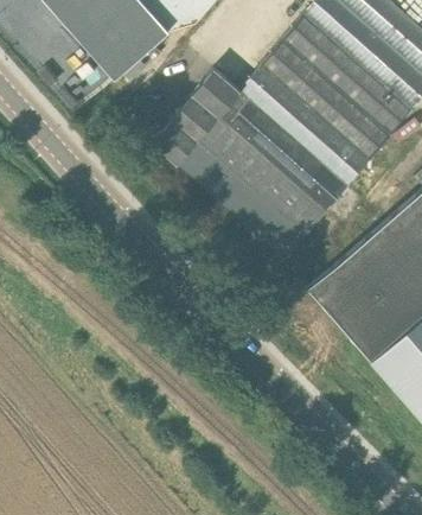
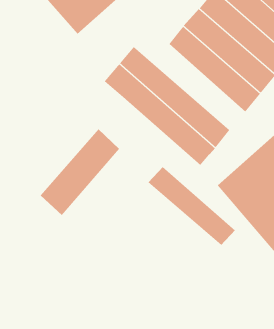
building: [193,65,350,210] -> none
building: none -> [40,128,120,216]
building: none -> [147,166,236,246]

